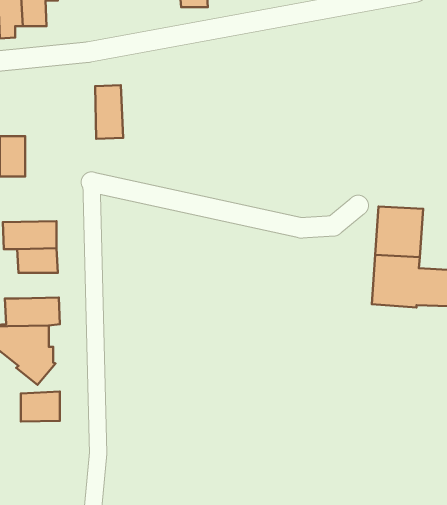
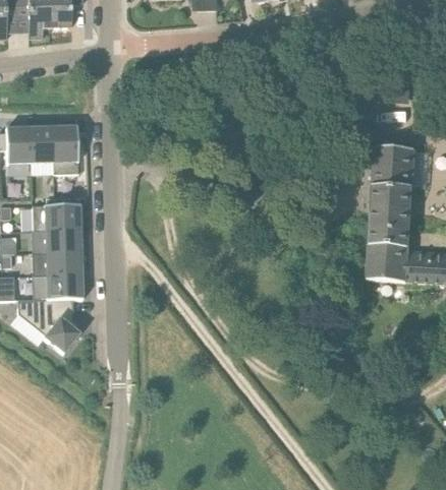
building: [95,85,123,139] -> [52,124,77,173]
building: none -> [372,145,414,192]
building: none -> [45,250,81,273]
building: [21,392,60,421] -> none

